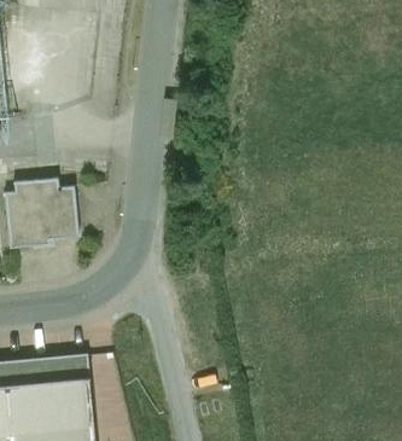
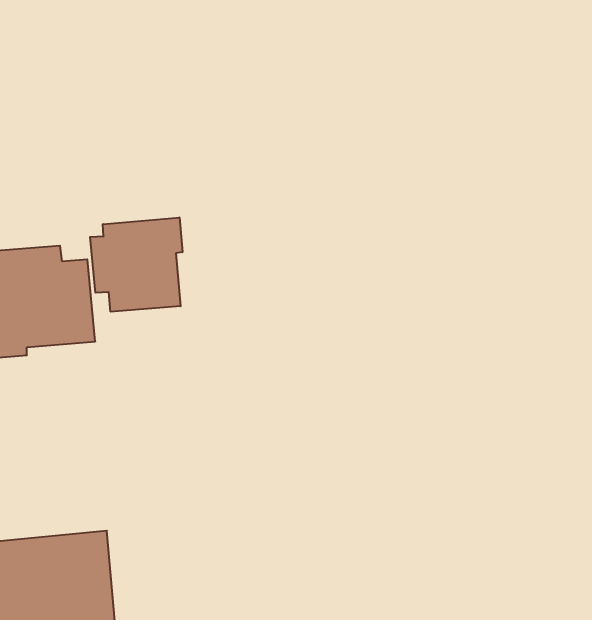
building: none -> [90,217,182,312]

